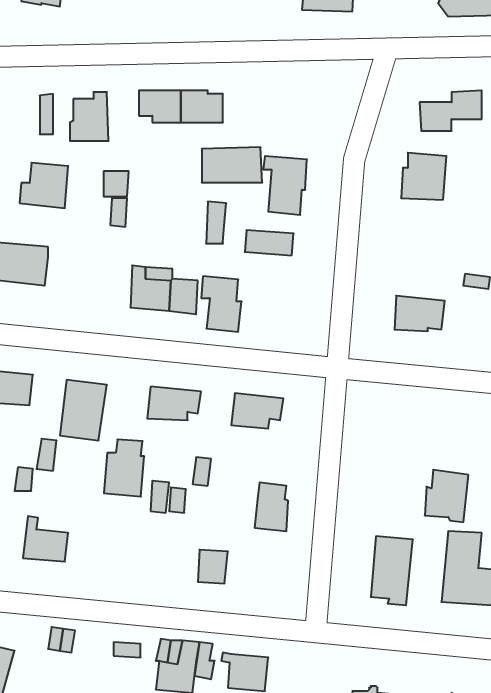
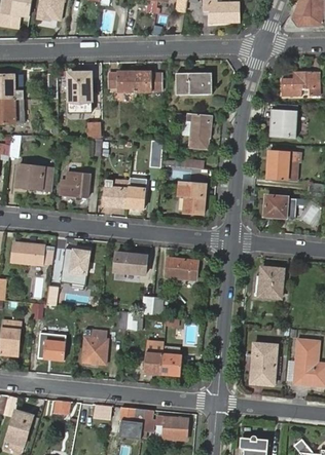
building: [202,147,262,183] -> [176,71,213,92]
building: [20,163,68,208] -> [60,169,89,197]
building: none -> [266,150,299,180]
building: [201,276,242,332] -> [181,179,206,213]
building: [104,439,144,497] -> [83,328,108,363]
building: [425,470,468,522] -> [256,267,283,299]
building: [255,482,288,531] -> [161,344,182,374]

